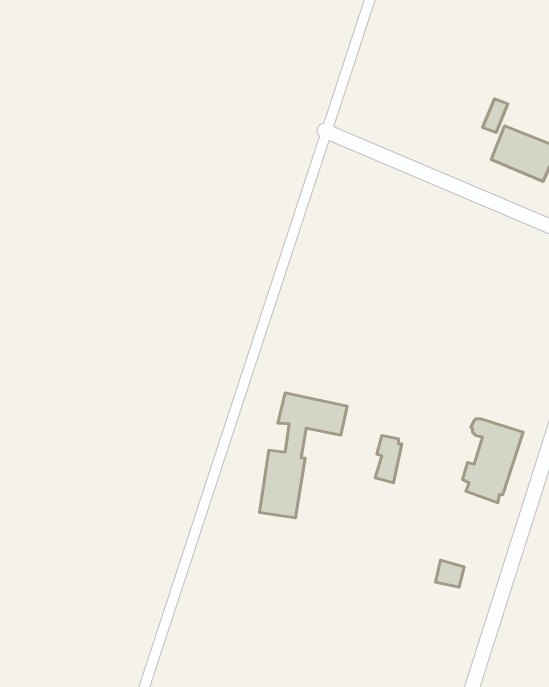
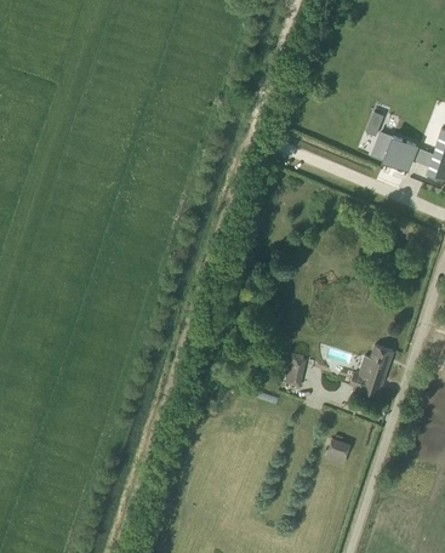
building: [260,393,347,518] -> none

